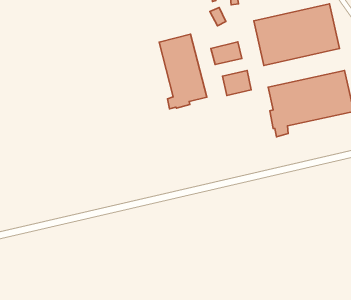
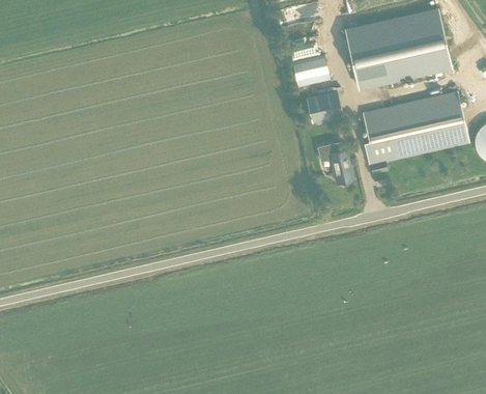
building: [159,34,207,109] -> none
building: none -> [317,142,352,182]

